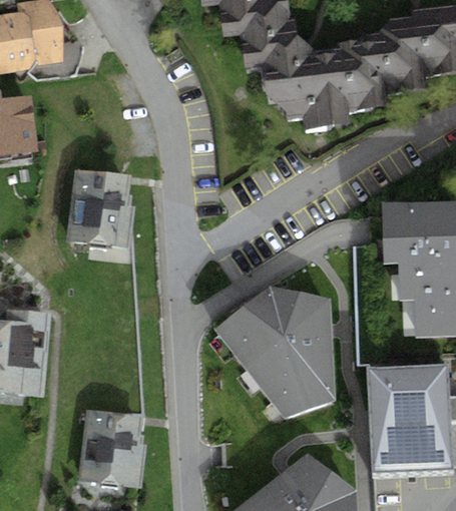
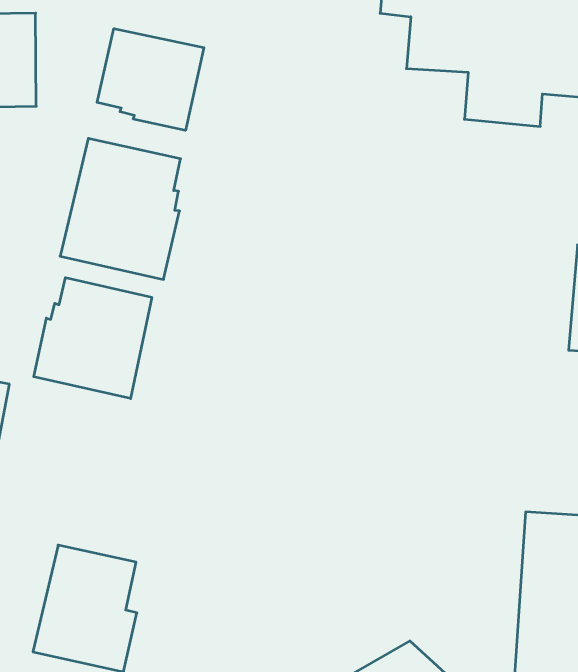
building: none -> [97,29,204,130]
building: none -> [34,278,152,399]
building: [213,285,335,417] -> none

